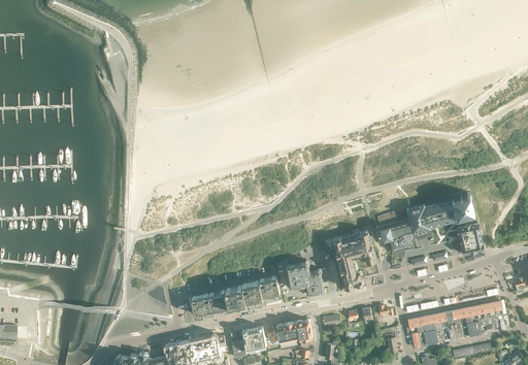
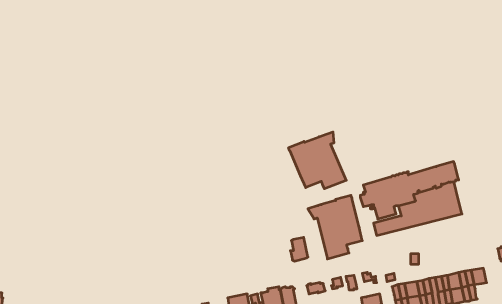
building: none -> [289,132,346,189]
building: [287,262,308,286] -> none
building: [193,276,277,312] -> none

